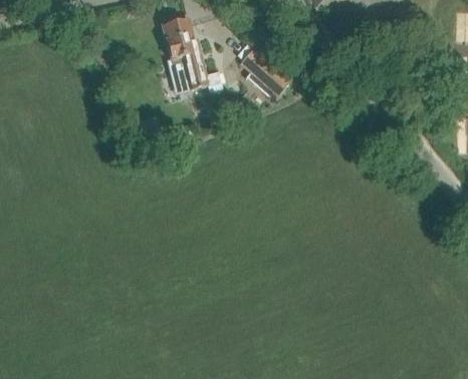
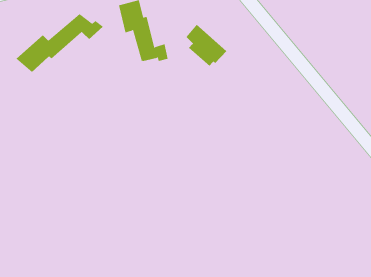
building: none -> [15,13,104,73]

